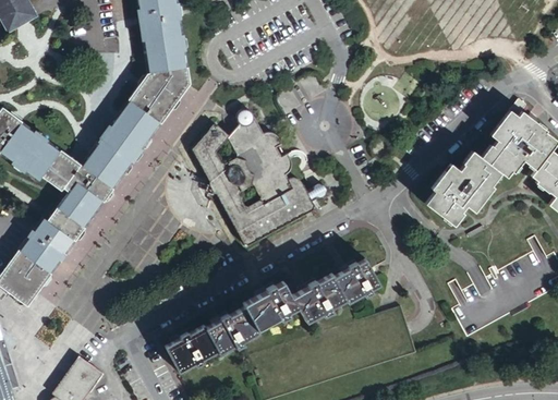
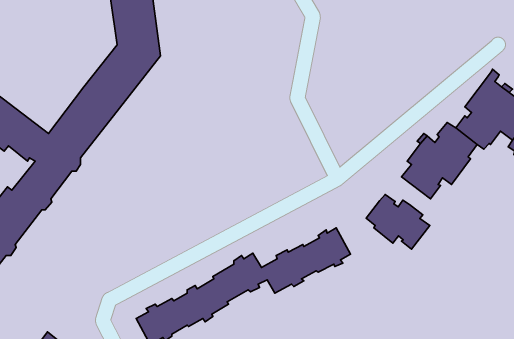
building: [192,120,327,257] -> none
building: none -> [366,194,430,249]

